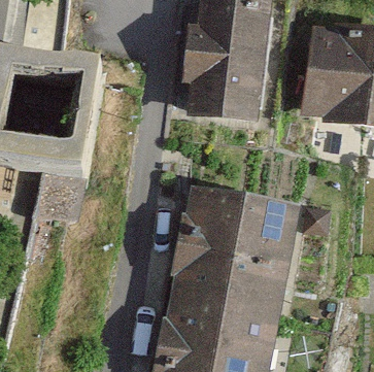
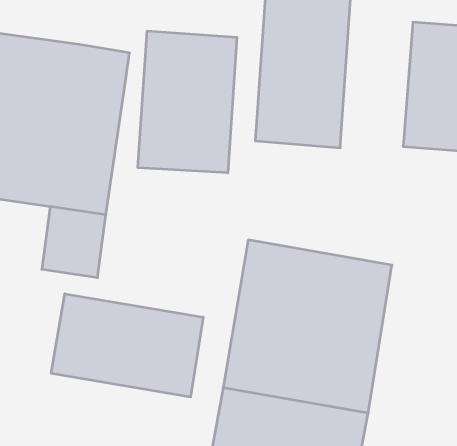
building: none -> [138,31,237,173]
building: none -> [51,294,203,397]

